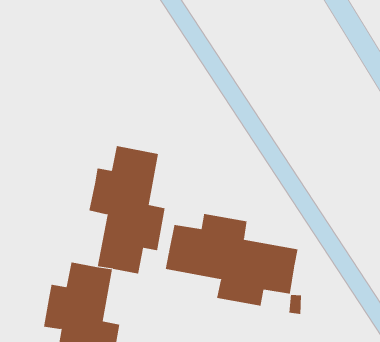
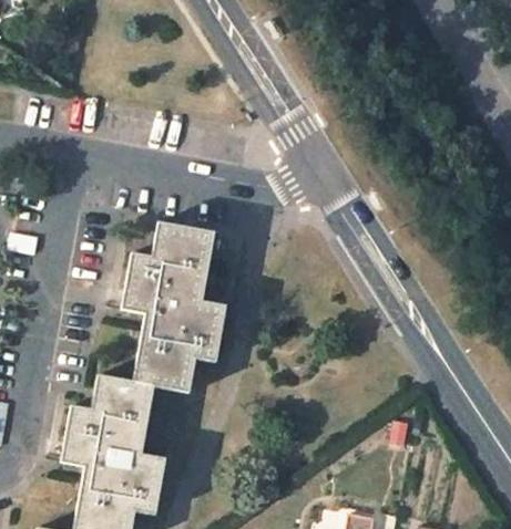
building: [165,213,298,307] -> none

